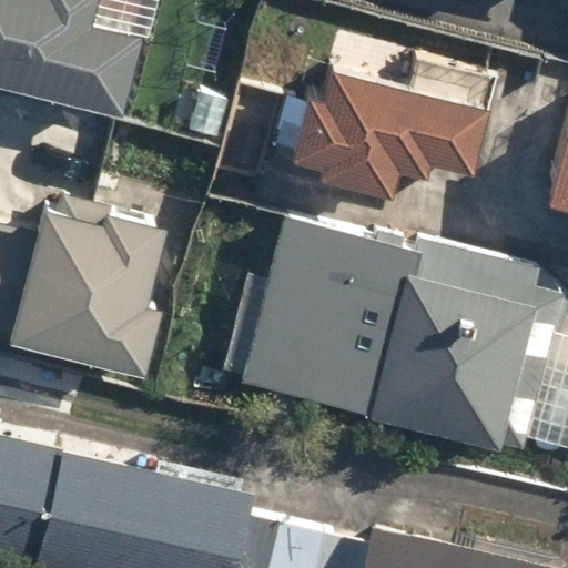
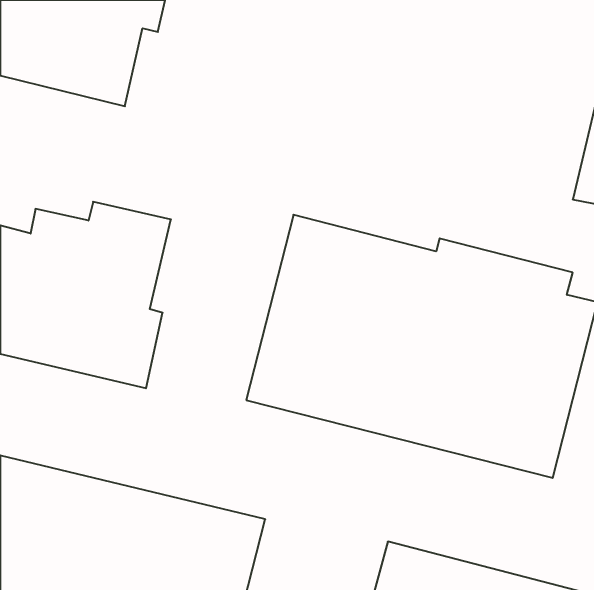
building: [291,44,494,201] -> none

